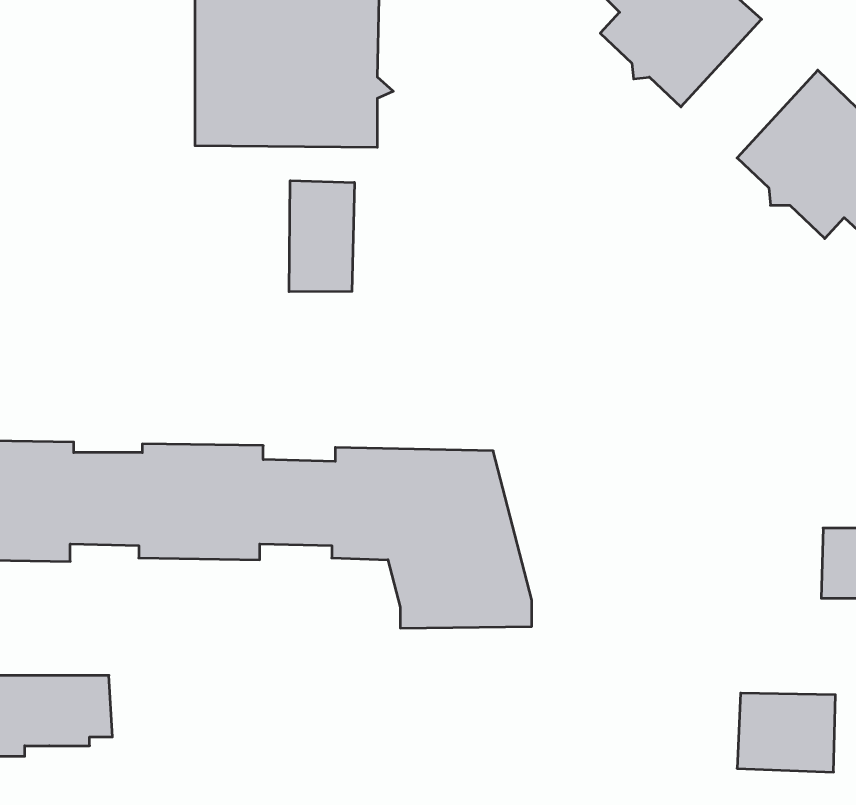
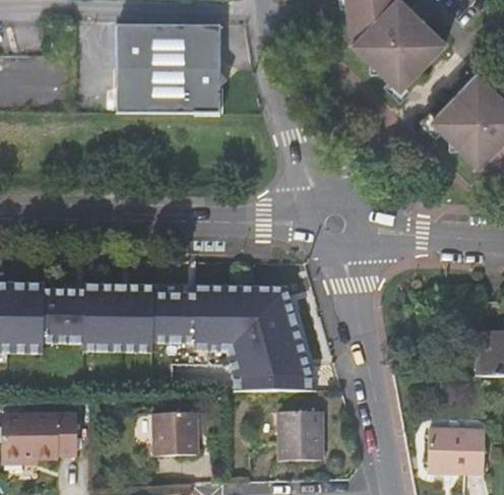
building: [289,181,354,292] -> none
building: none -> [278,411,323,460]
building: none -> [148,414,192,456]

